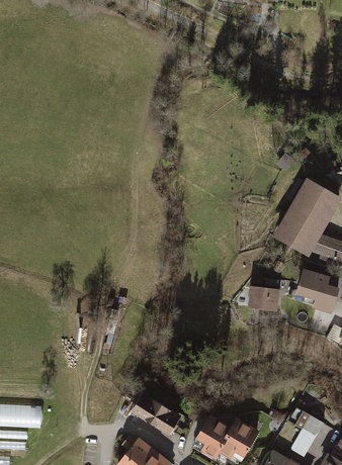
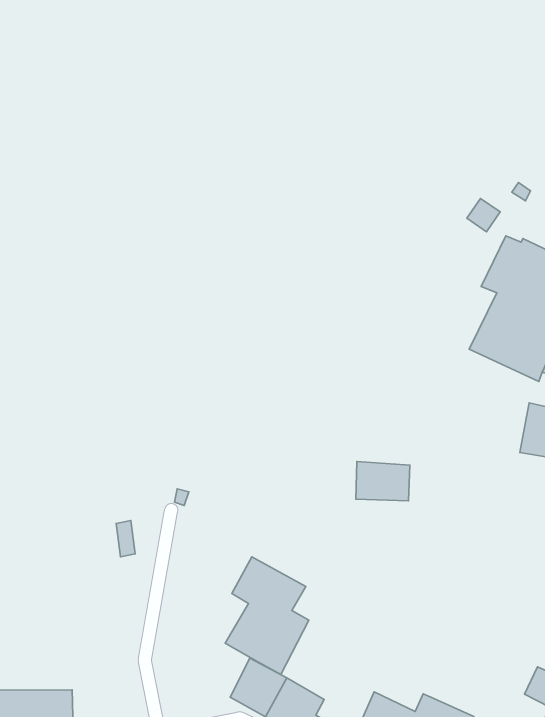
building: [248,285,278,308] -> [356,462,410,501]
building: none -> [225,557,309,674]

